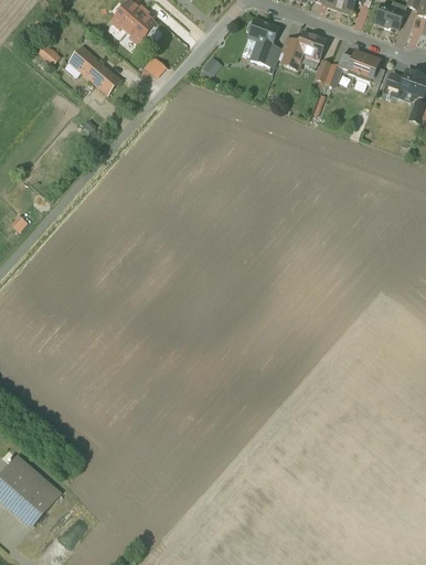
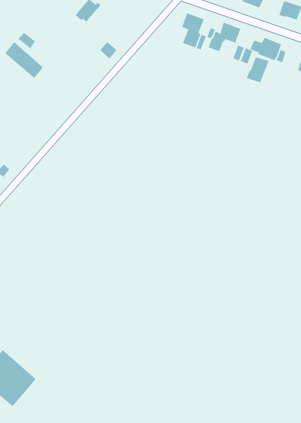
building: [125,9,156,45] -> none
building: [68,46,119,95] -> [5,41,44,79]
building: none -> [246,56,269,83]

